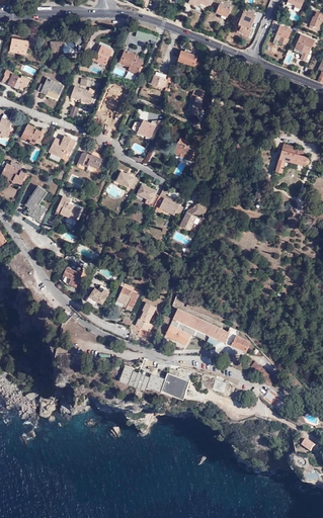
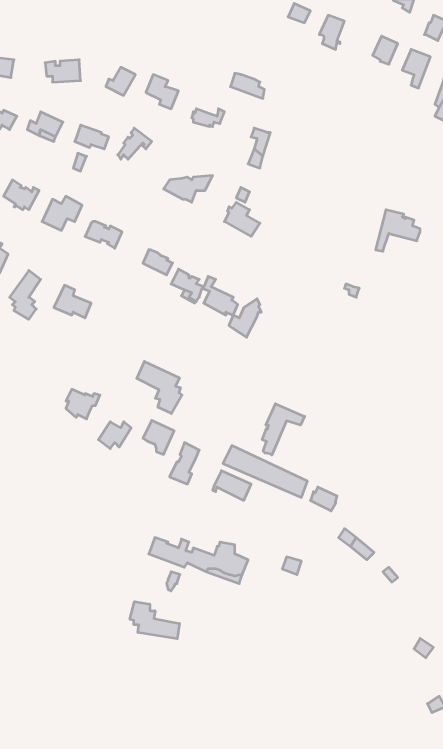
building: none -> [137,361,182,414]
building: none -> [262,404,305,455]
building: none -> [130,602,179,639]

